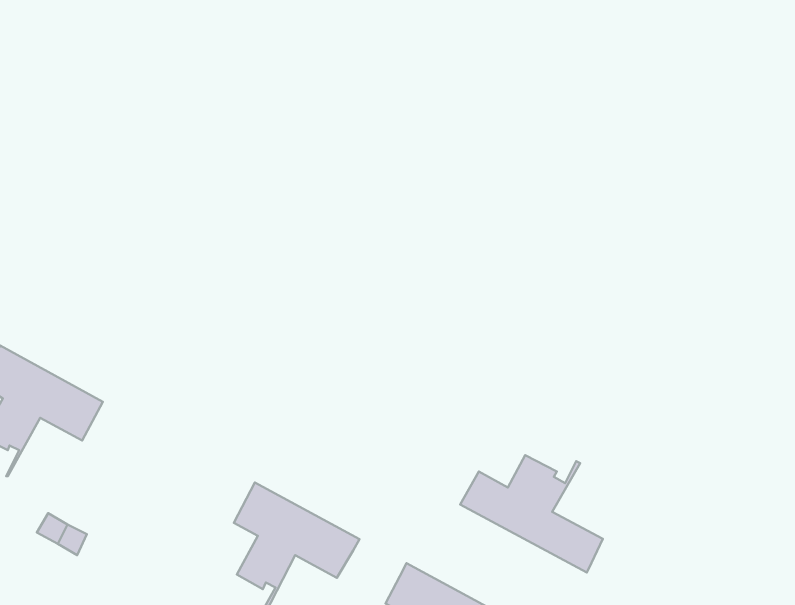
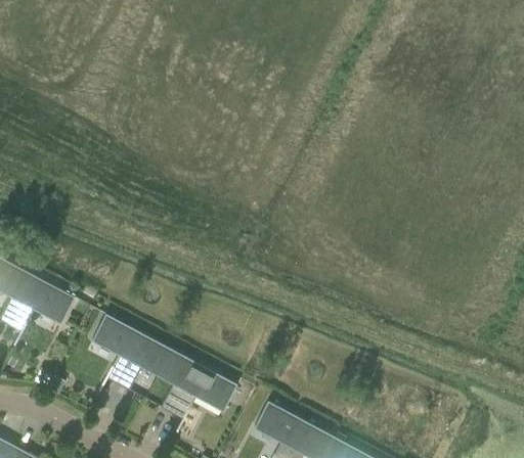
building: none -> [90,314,170,392]
building: [460,455,603,573] -> none

